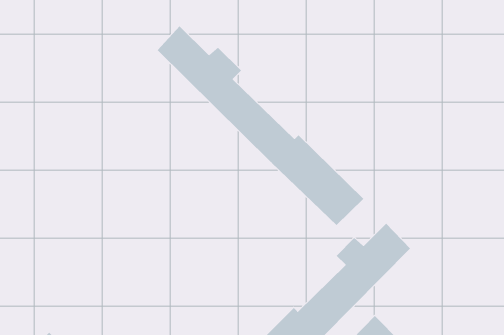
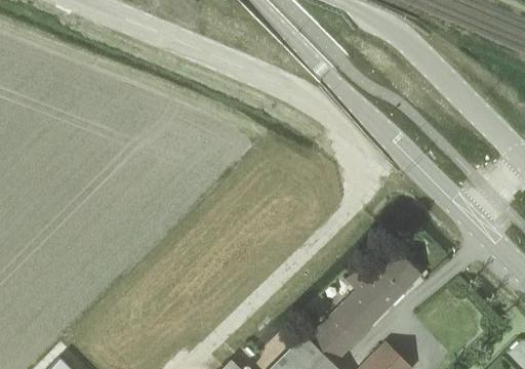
building: [157,26,364,226] -> none

